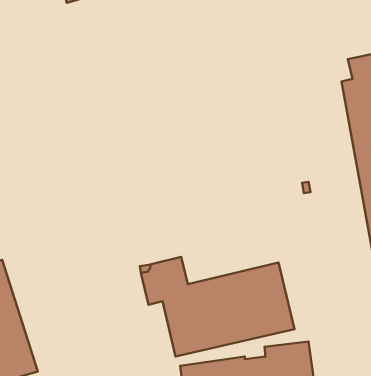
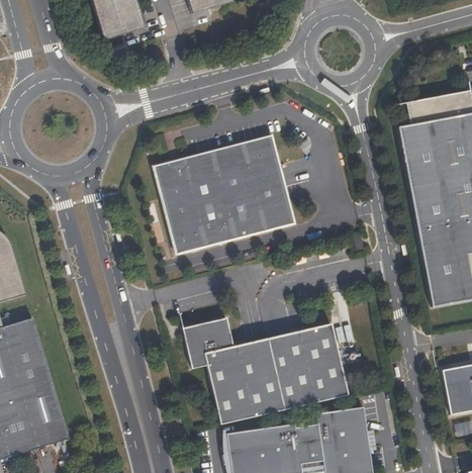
building: none -> [157,136,298,255]

